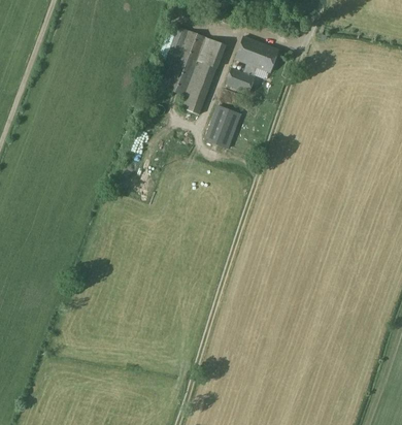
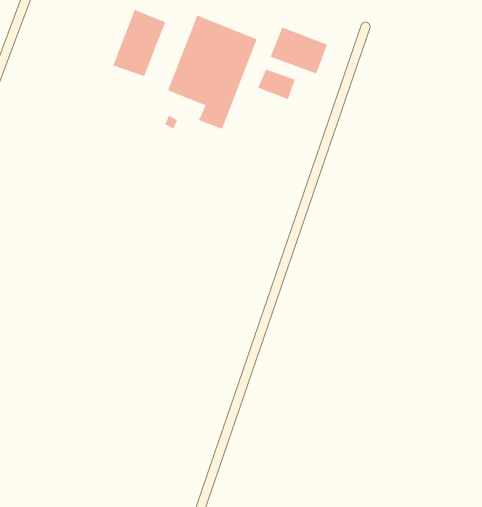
building: none -> [112,9,166,77]
building: [205,105,240,149] -> none

